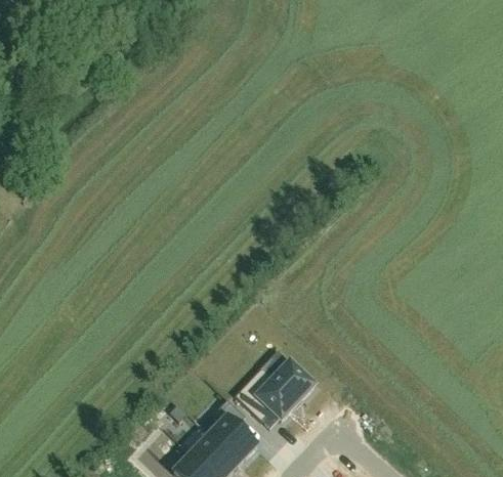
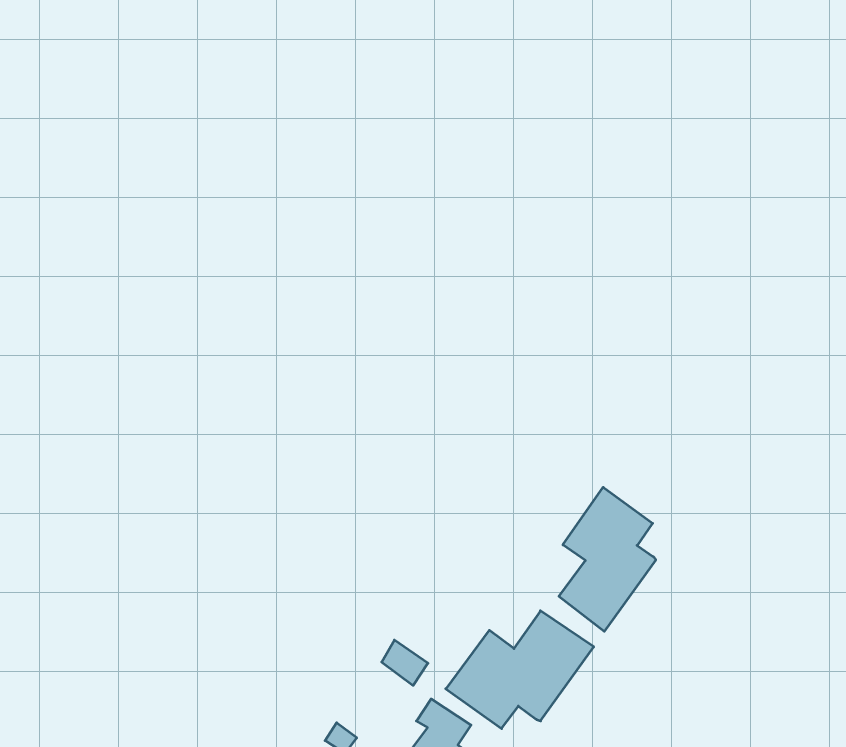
building: none -> [559,487,656,631]

